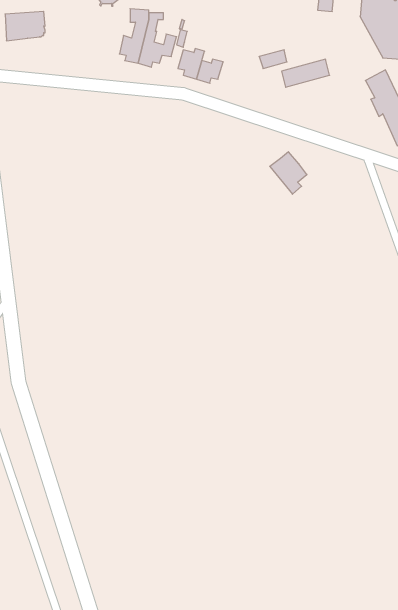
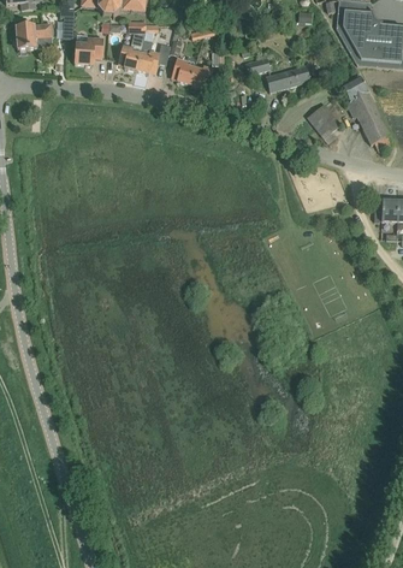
building: none -> [75,34,103,65]
building: [270,152,307,194] -> [307,103,340,142]

